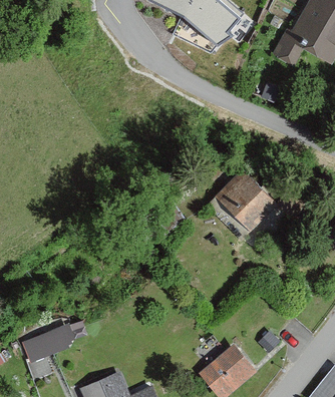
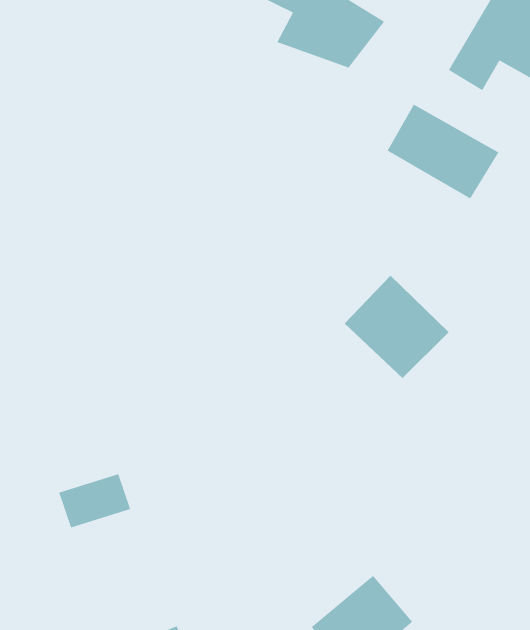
building: none -> [386,104,500,199]
building: [25,328,67,360] -> [58,473,131,529]

